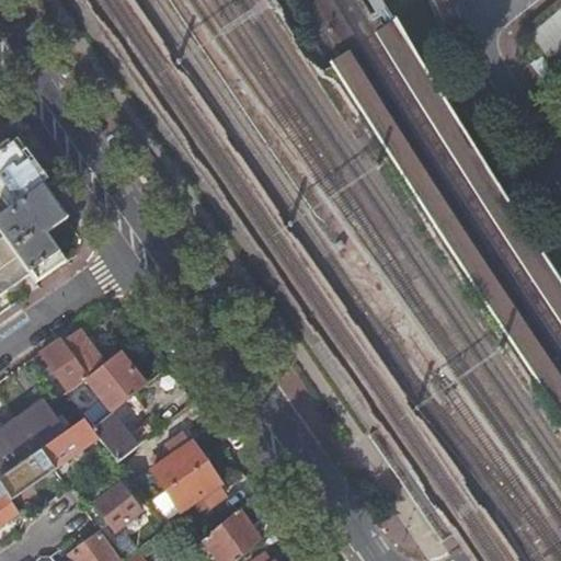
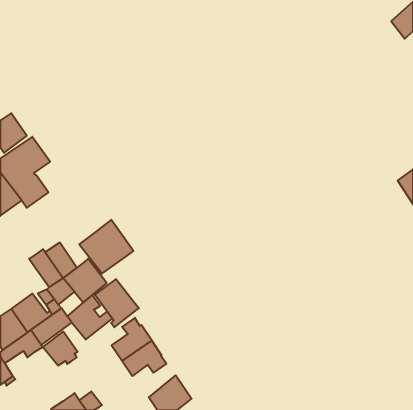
building: none -> [79,220,133,274]
building: none -> [95,279,139,327]
building: [93,482,140,528] -> [43,332,78,366]

